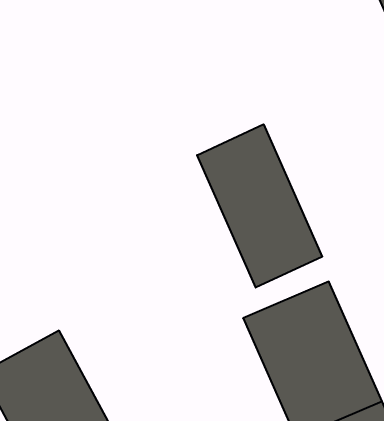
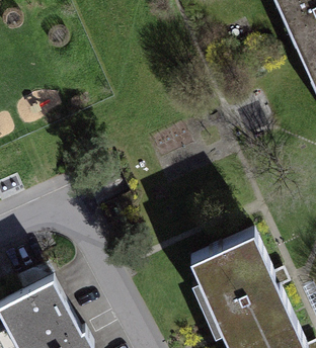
building: [197,124,322,288] -> none

